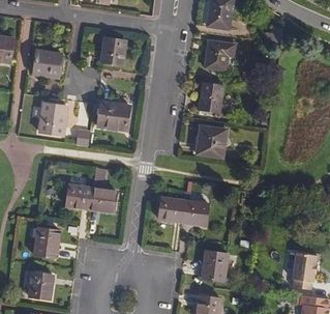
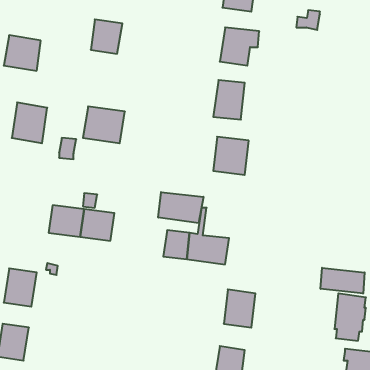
building: none -> [158,192,203,223]
building: none -> [321,268,365,294]

